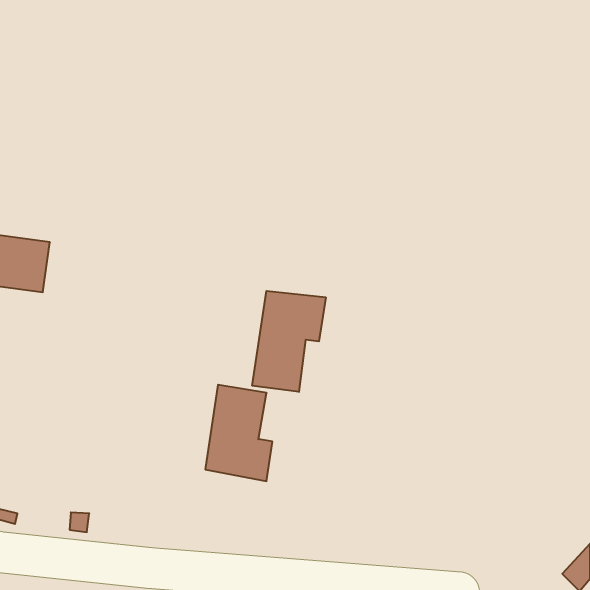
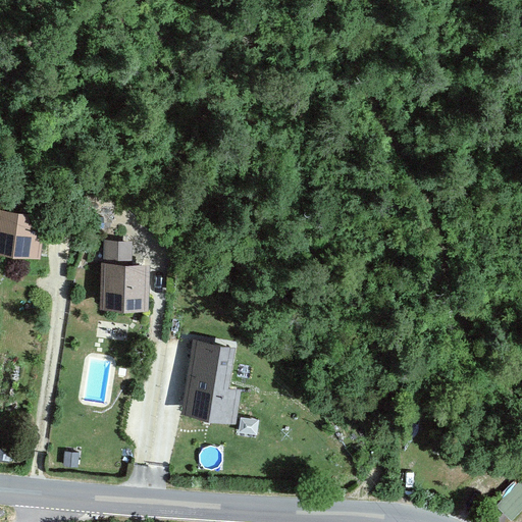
building: none -> [98,242,149,311]
building: [252,291,326,392] -> none

